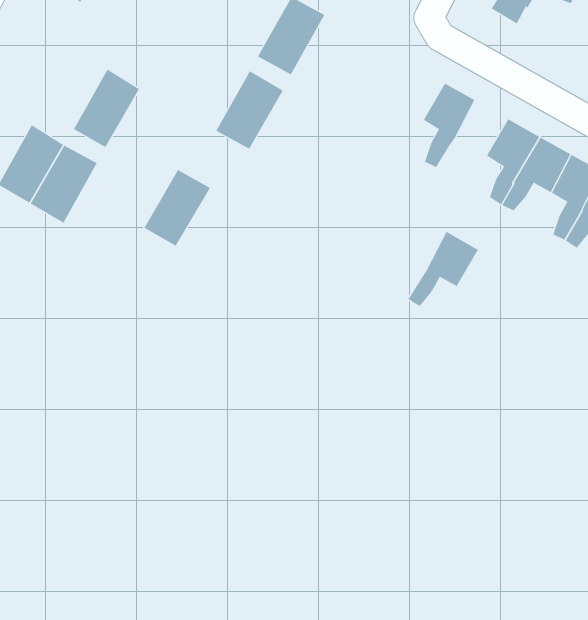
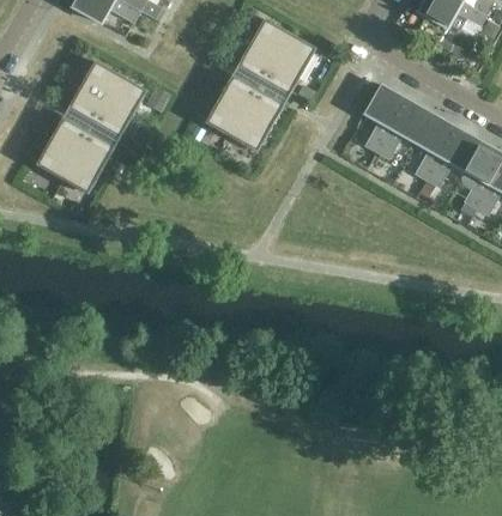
building: none -> [264,34,316,95]
building: none -> [68,61,121,122]
building: [144,169,210,246] -> [231,92,283,152]
building: [408,231,479,307] -> [376,99,431,158]

